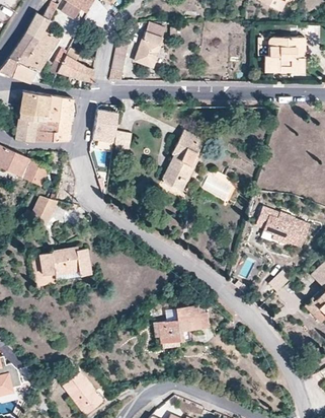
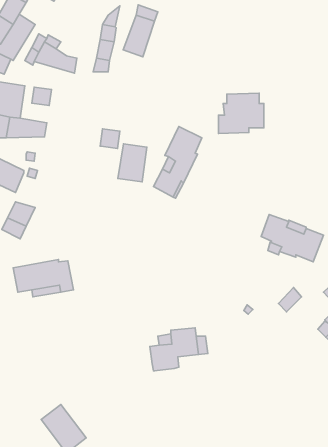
building: [264,38,304,73] -> [219,93,264,134]
building: [45,94,70,127] -> none
building: [92,109,117,142] -> [118,144,147,182]

